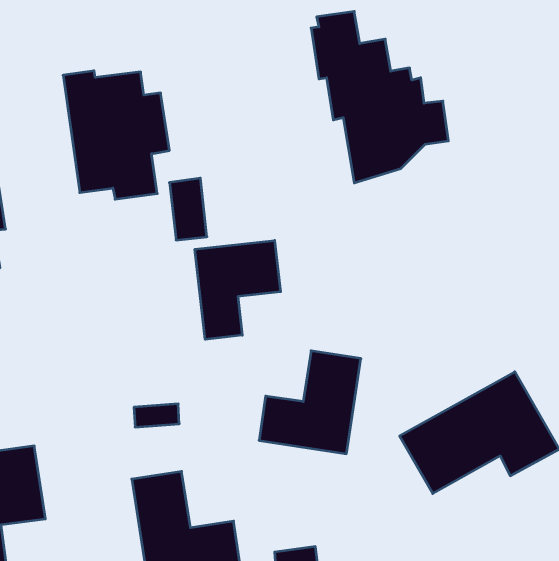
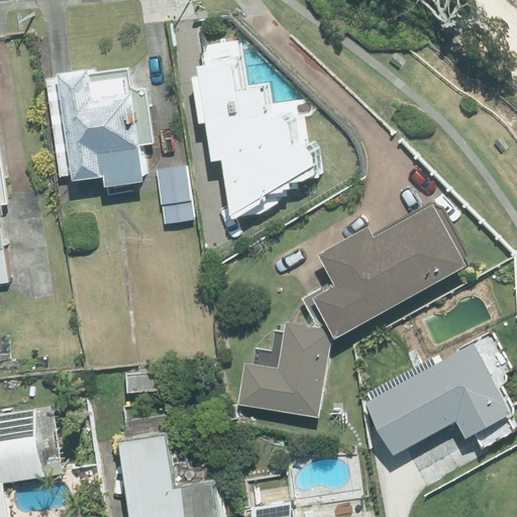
building: [311,11,448,183] -> [192,61,317,217]
building: none -> [312,205,464,337]
building: [195,240,281,339] -> none

